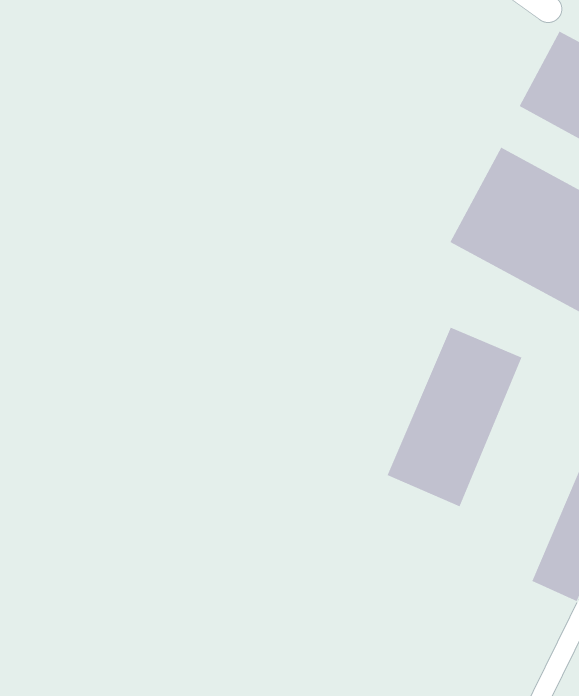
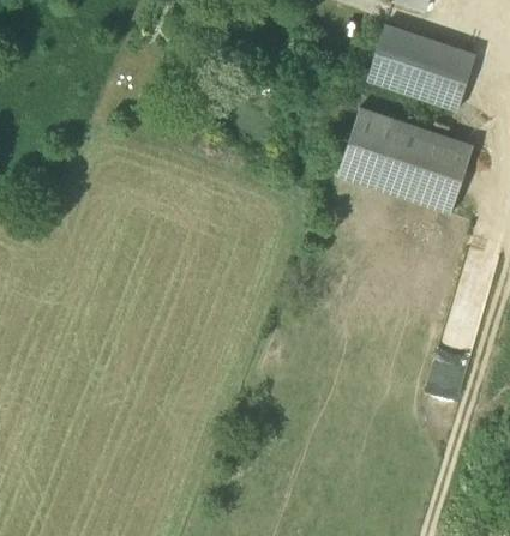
building: [387,327,522,507] -> none

